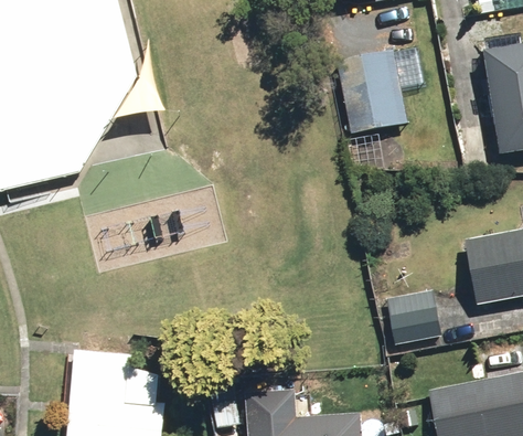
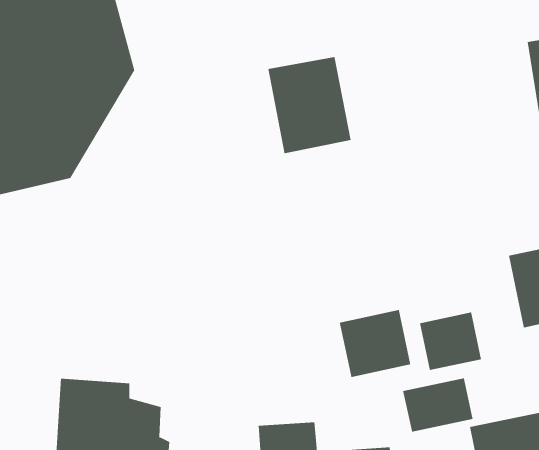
building: [332,49,406,135] -> [268,56,351,154]
building: none -> [339,309,411,378]
building: none -> [403,377,473,433]

